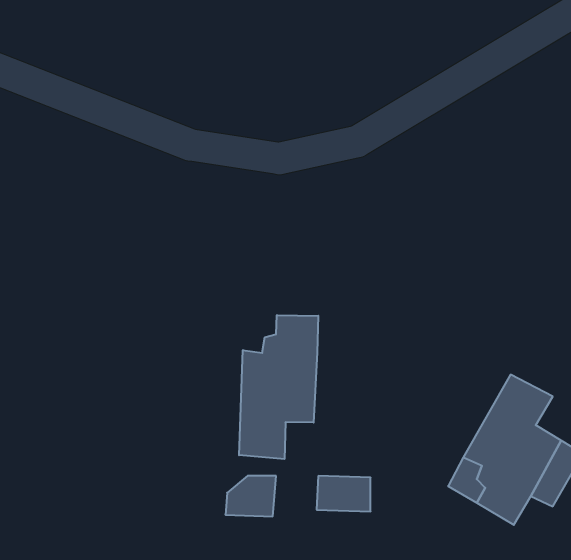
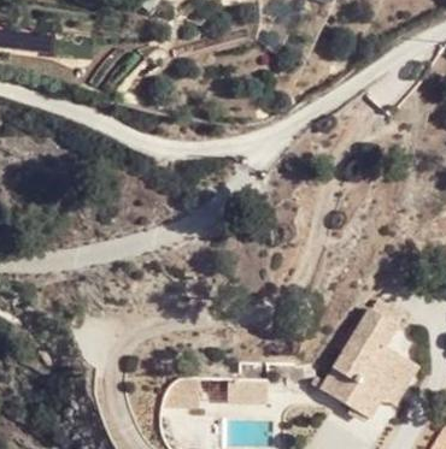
building: [239,315,318,459] -> none

